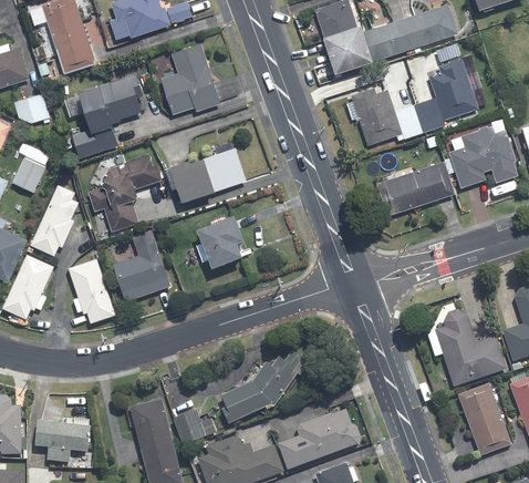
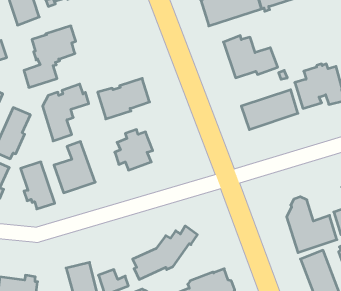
building: [163,45,219,115] -> none
building: [409,59,473,132] -> none

